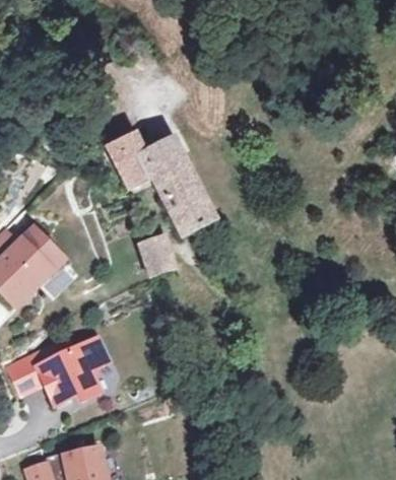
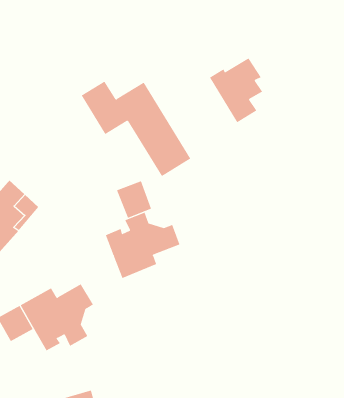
building: none -> [209,58,263,123]
building: none -> [105,212,180,279]

